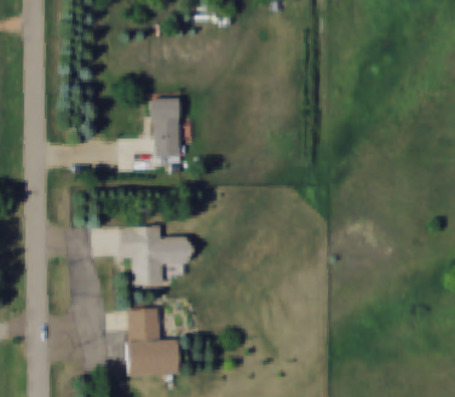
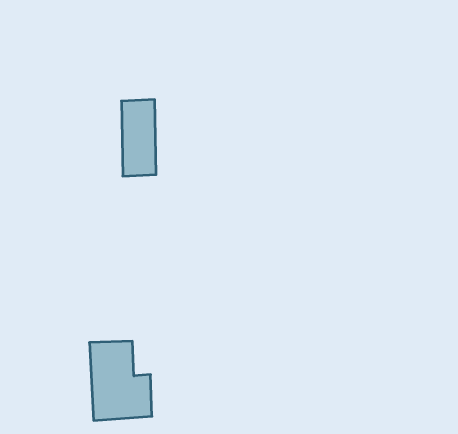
building: [120,226,191,287] -> none

